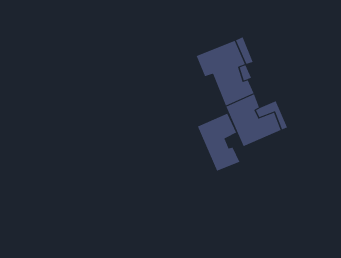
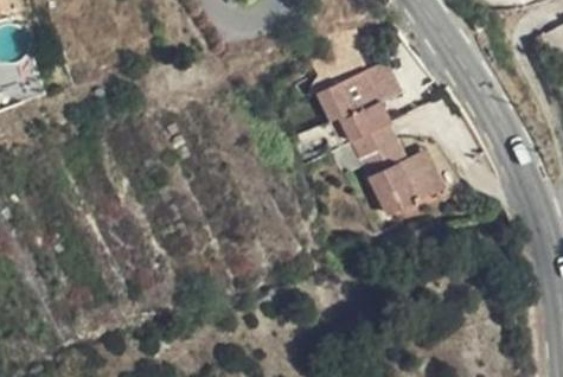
building: [197,113,240,172] -> none

